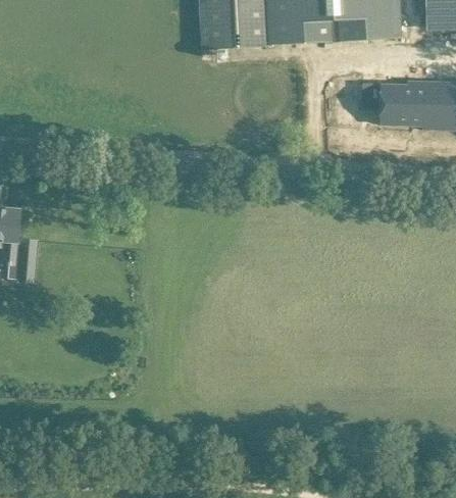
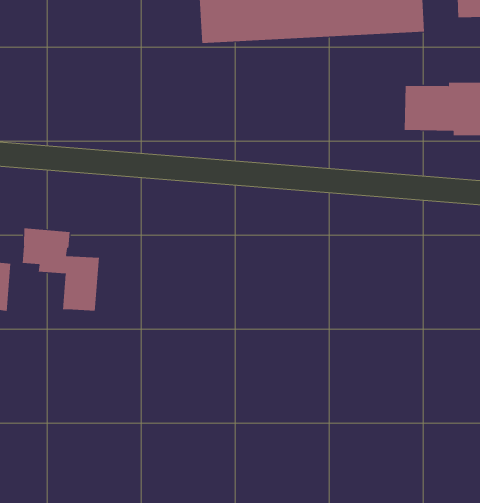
building: none -> [22,227,99,311]

